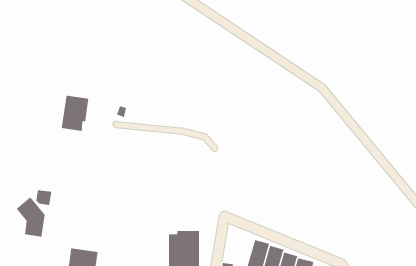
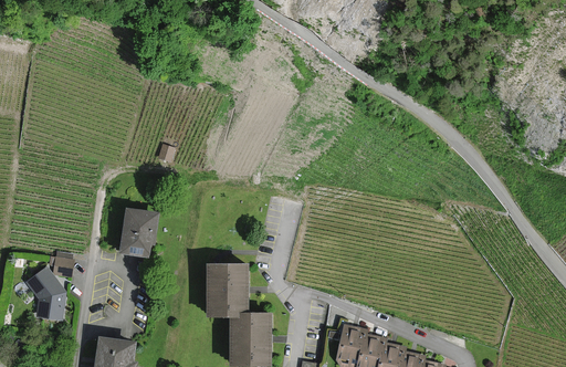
building: [61,95,89,131] -> [119,208,157,256]
building: none -> [207,263,249,316]

